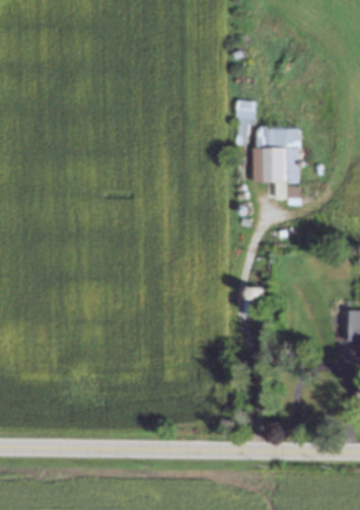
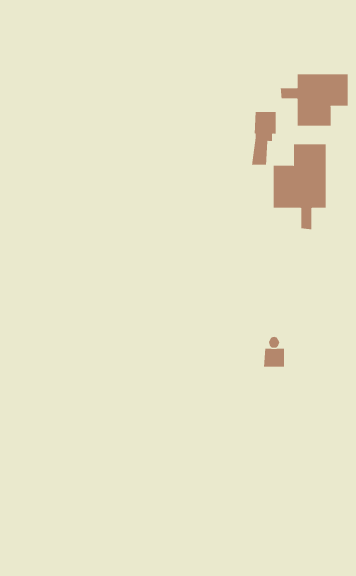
building: none -> [280,73,348,126]

